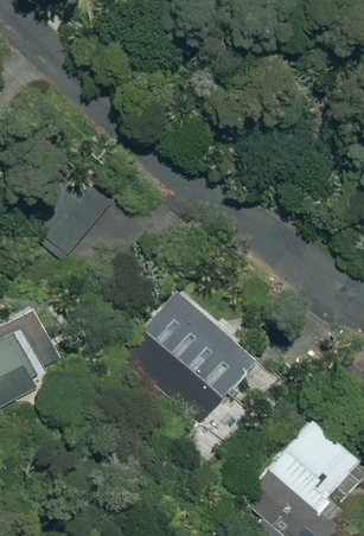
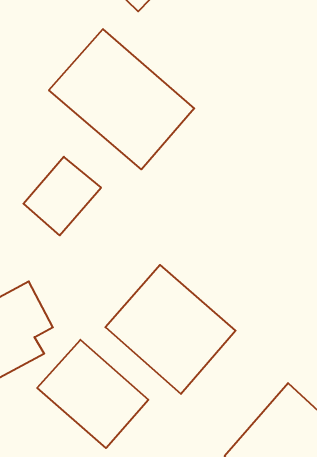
building: none -> [49,29,194,169]
building: none -> [37,340,148,448]

